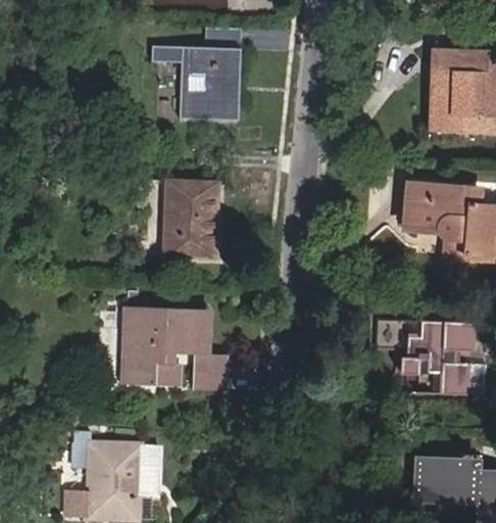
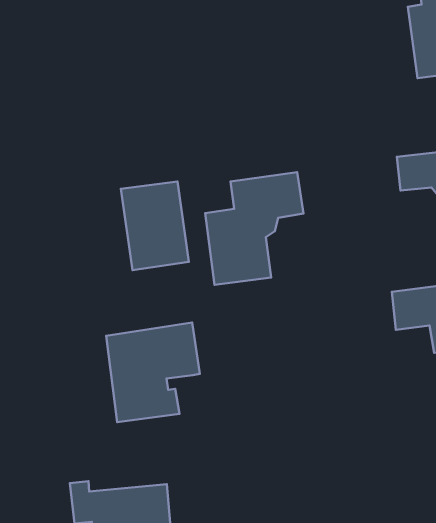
building: [165,41,236,112] -> none
building: none -> [205,172,304,285]
building: [197,354,225,392] -> none

